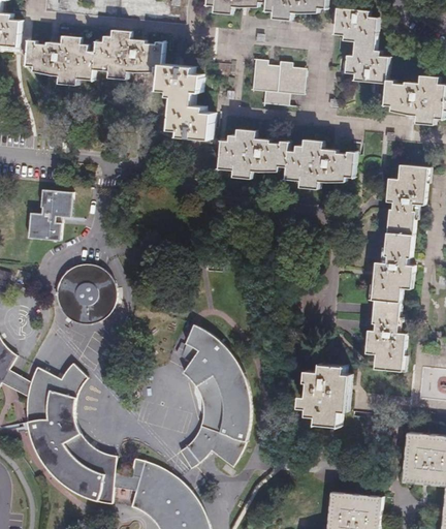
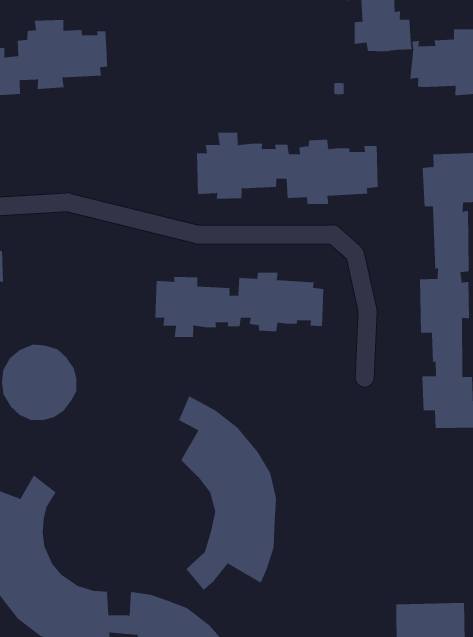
building: [162,58,217,137] -> none
building: [252,62,305,105] -> none
building: none -> [155,272,324,338]
building: [302,363,355,429] -> none

